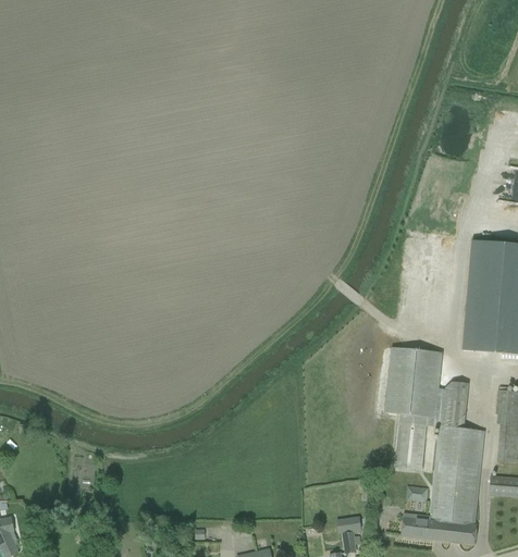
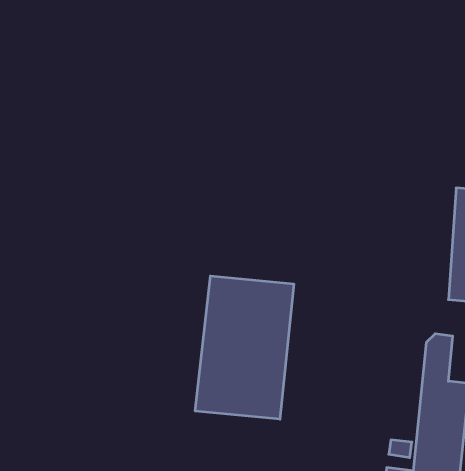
building: none -> [195,276,294,419]
building: [386,347,440,470] -> none

